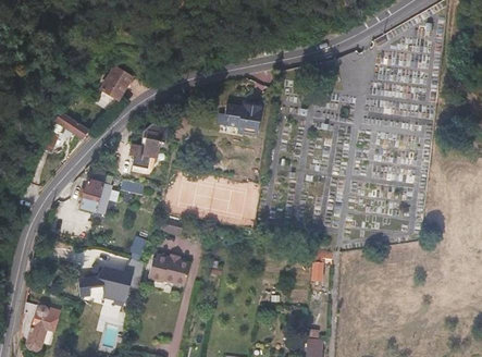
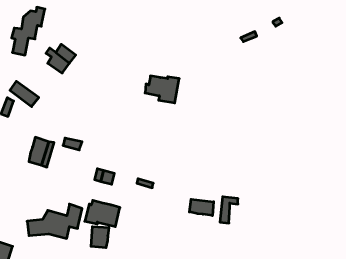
building: [129,120,170,177] -> [12,7,45,55]
building: none -> [189,199,214,216]
building: none -> [91,227,109,248]

